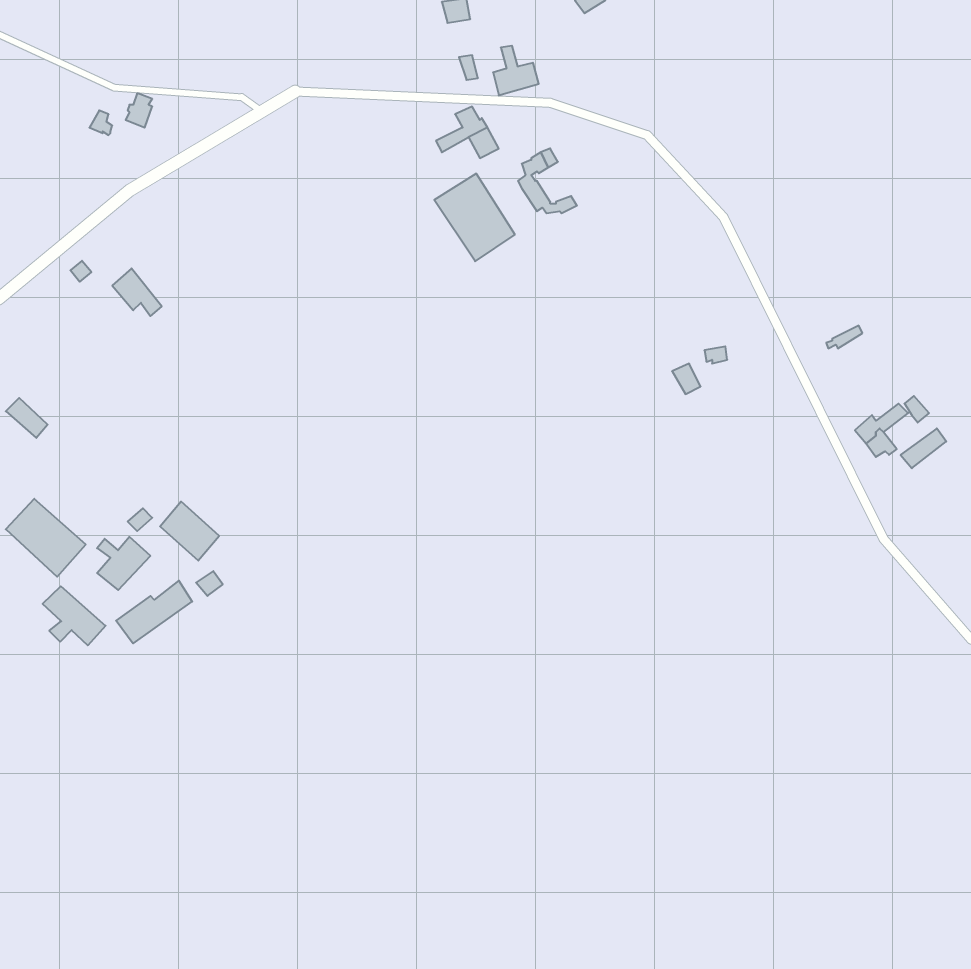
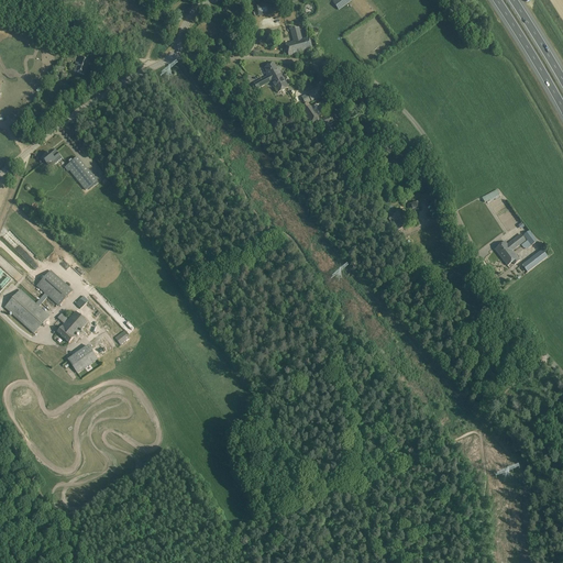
building: [434,173,515,261] -> none
building: [160,502,219,561] -> [37,269,71,303]
building: [43,586,106,645] -> none

